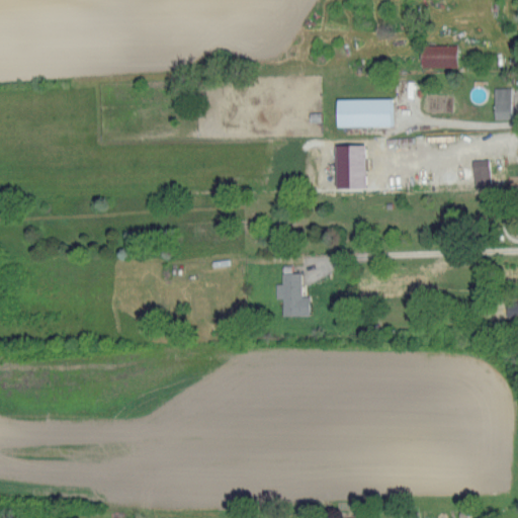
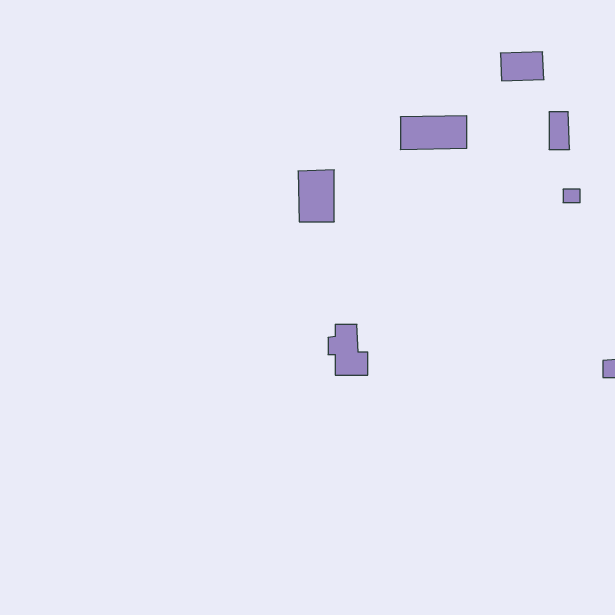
building: [495,88,512,119] -> [549,112,570,149]
building: [335,145,365,188] -> [298,170,334,222]

